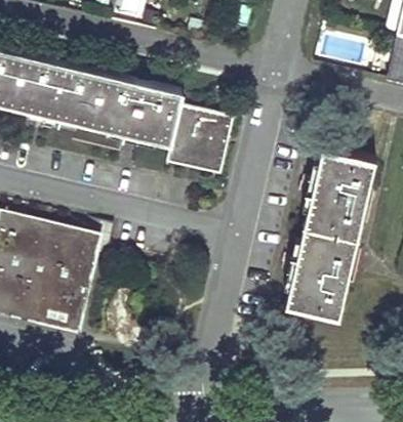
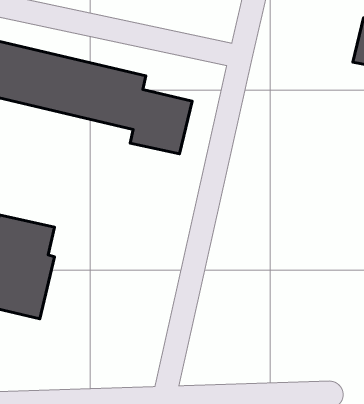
building: [287,149,373,319] -> none

